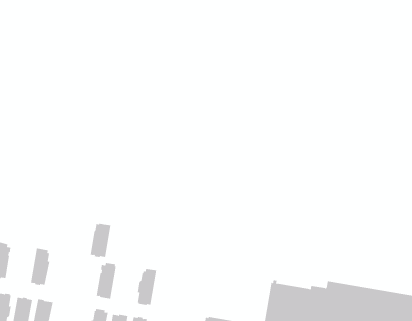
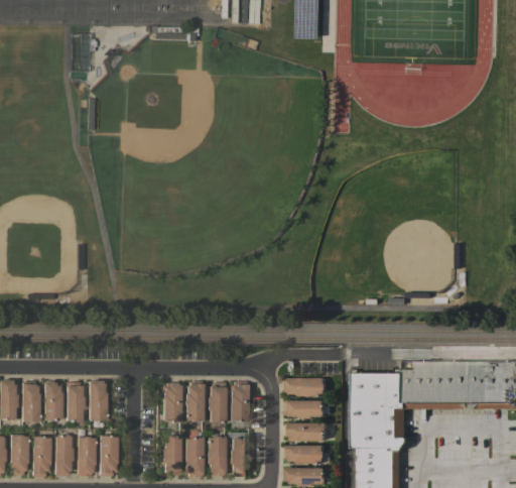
building: [90,223,111,257] -> [185,383,204,420]
building: none -> [66,381,84,420]
building: none -> [230,381,248,420]
building: none -> [287,378,328,395]
building: none -> [286,400,326,418]

